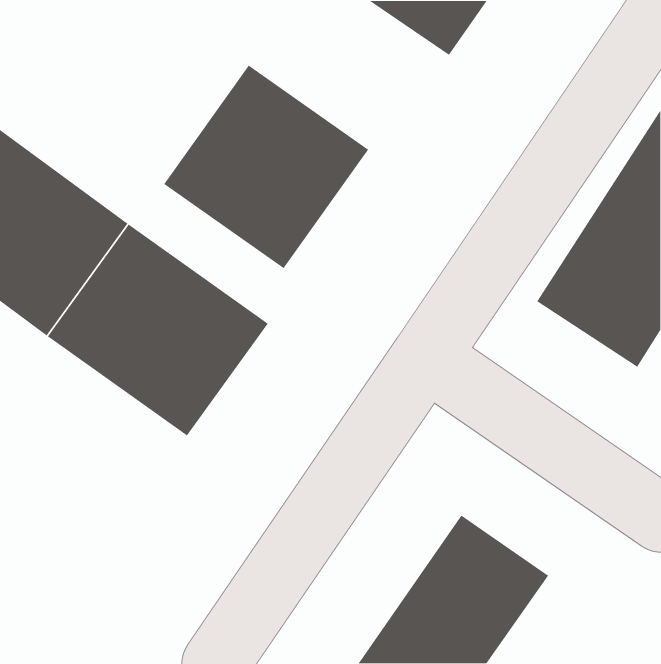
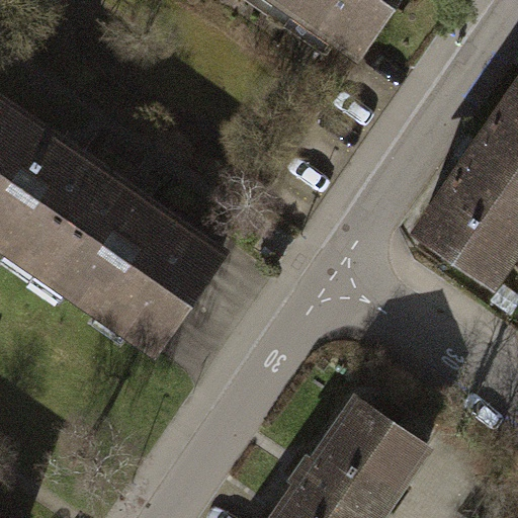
building: [163,65,369,269] -> none

